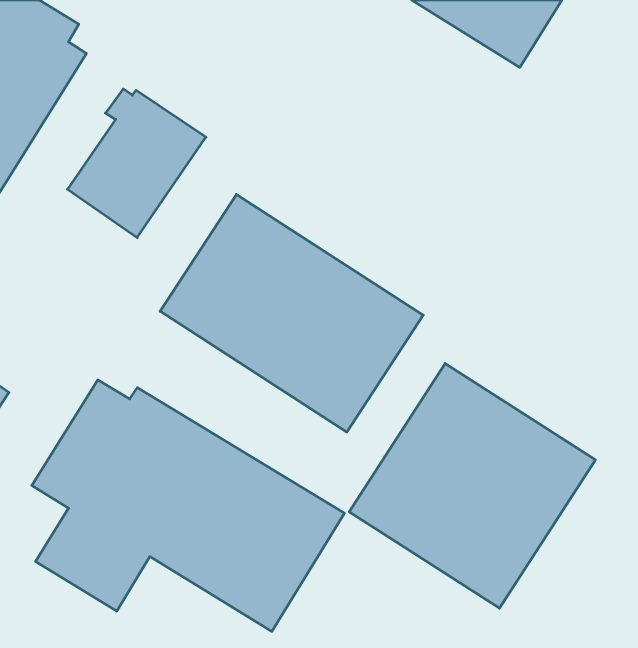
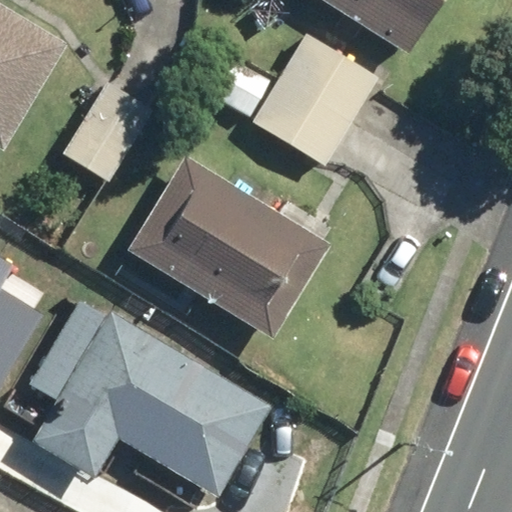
building: none -> [247,31,378,167]
building: [349,363,595,608] -> none

